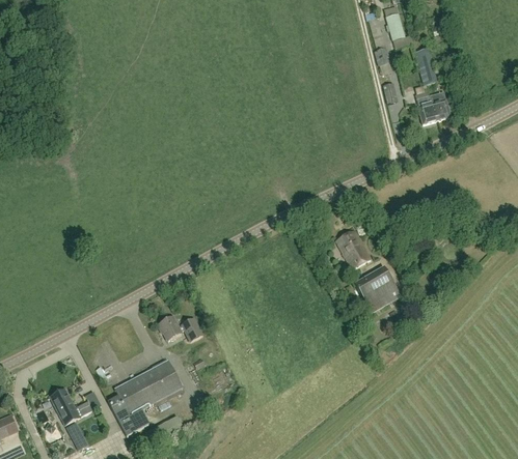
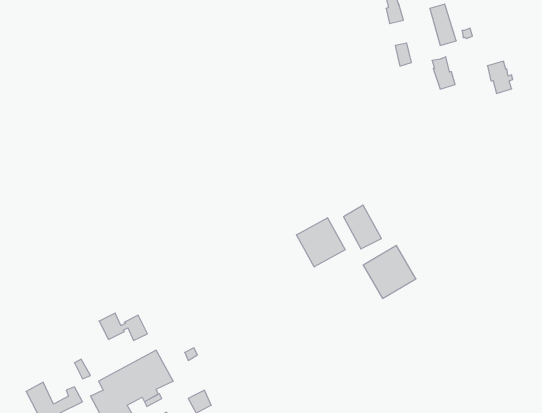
building: [429,91,452,120] -> [487,61,513,93]
building: none -> [296,218,345,267]
building: [159,316,202,341] -> [99,313,147,341]

